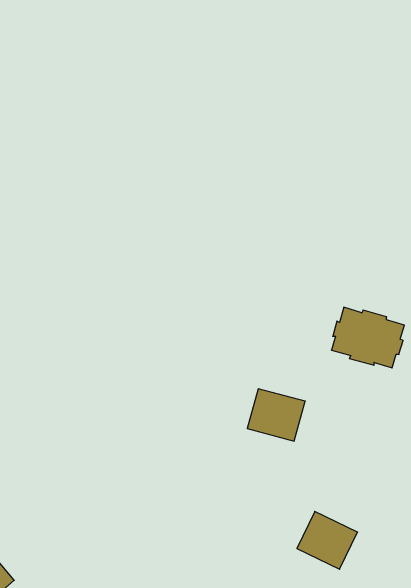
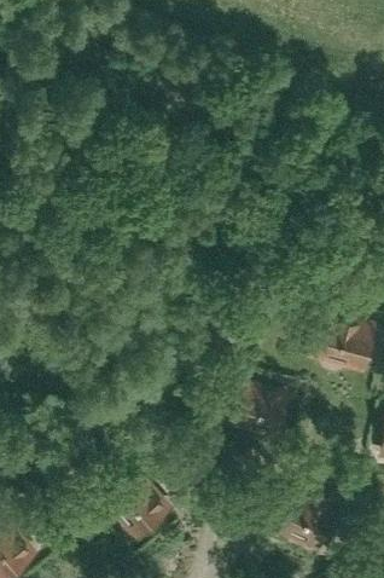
building: none -> [112,481,168,537]

